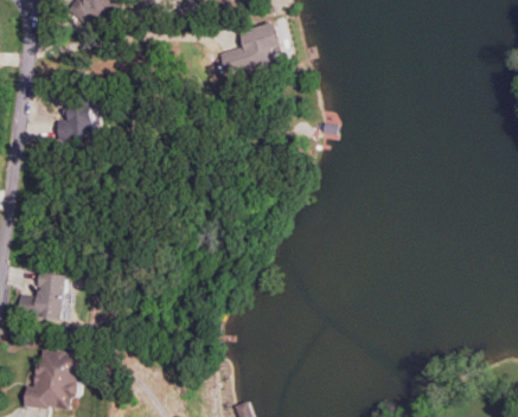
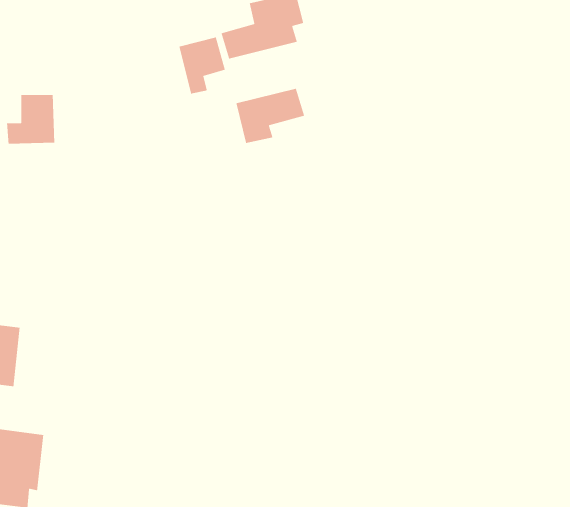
building: none -> [179,37,226,94]
building: none -> [235,88,305,144]

